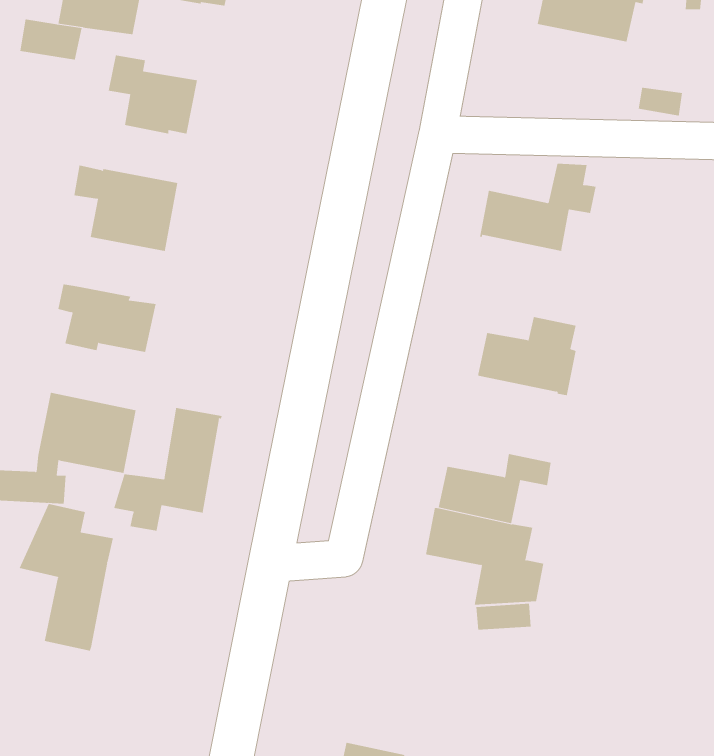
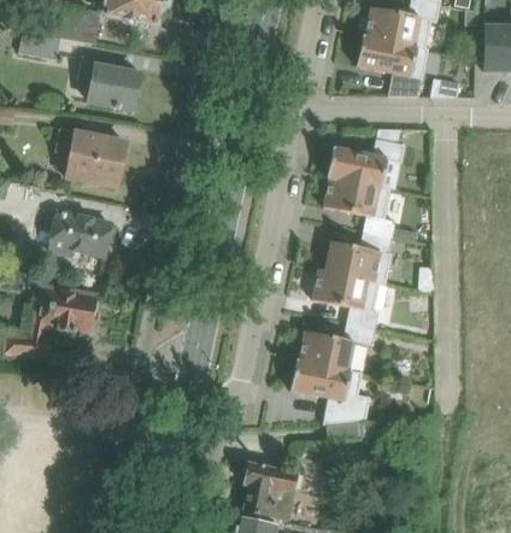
building: none -> [357,34,429,95]
building: none -> [323,176,417,241]
building: none -> [312,268,378,328]
building: [114,407,223,531] -> none
building: [19,503,114,651] -> none
building: none -> [243,462,298,519]

